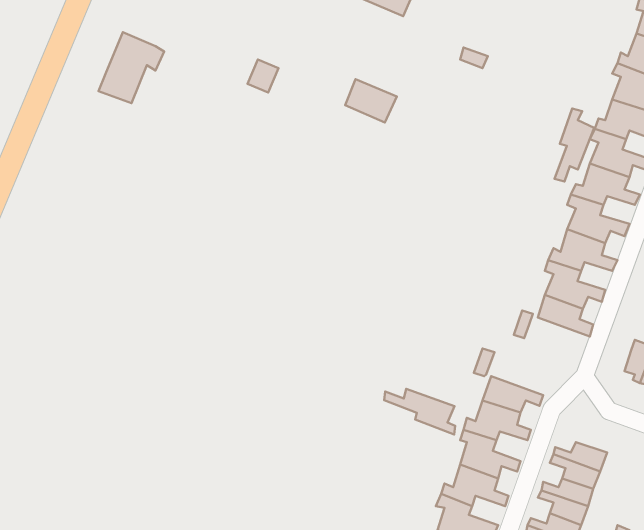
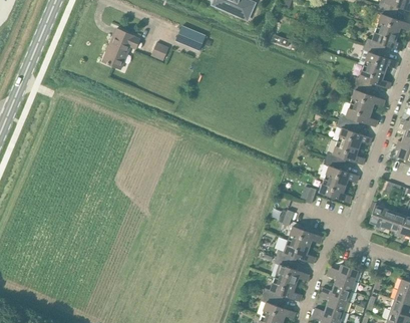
building: [99,32,164,103] -> [102,28,140,69]
building: [345,79,397,123] -> [175,26,206,51]
building: [555,108,594,182] -> none
building: [384,389,455,435] -> none

